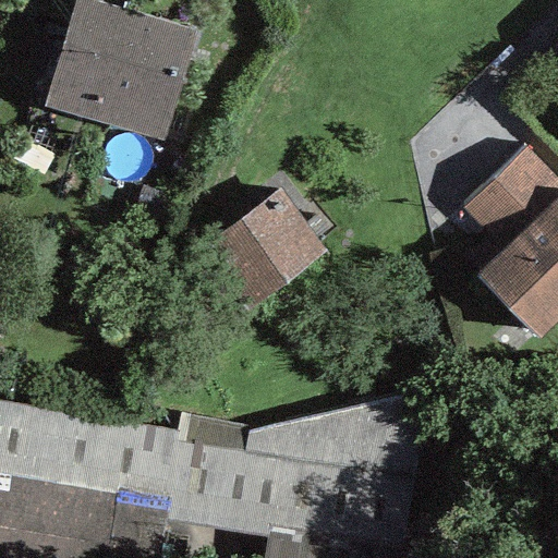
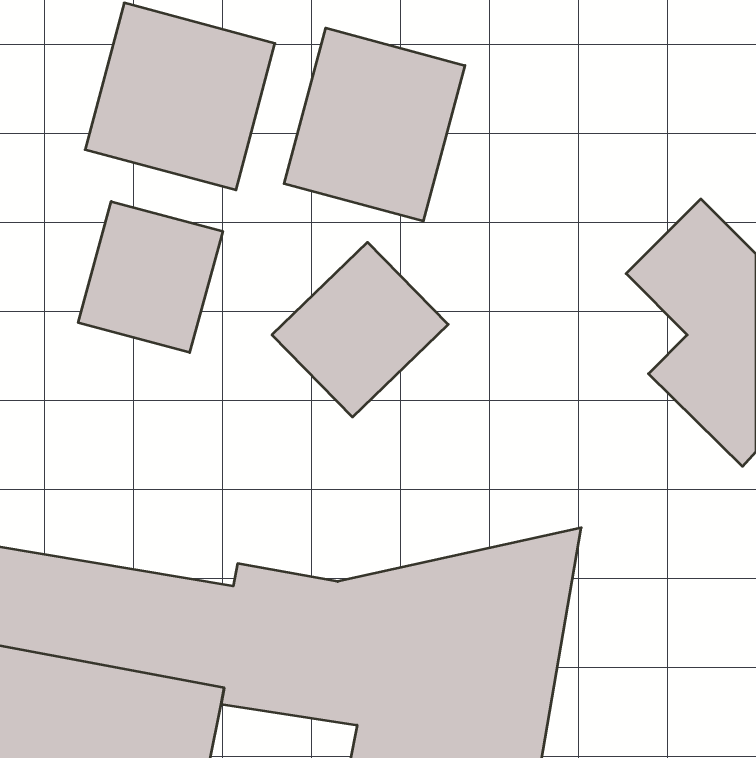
building: none -> [284,28,465,221]
building: none -> [78,201,223,353]

